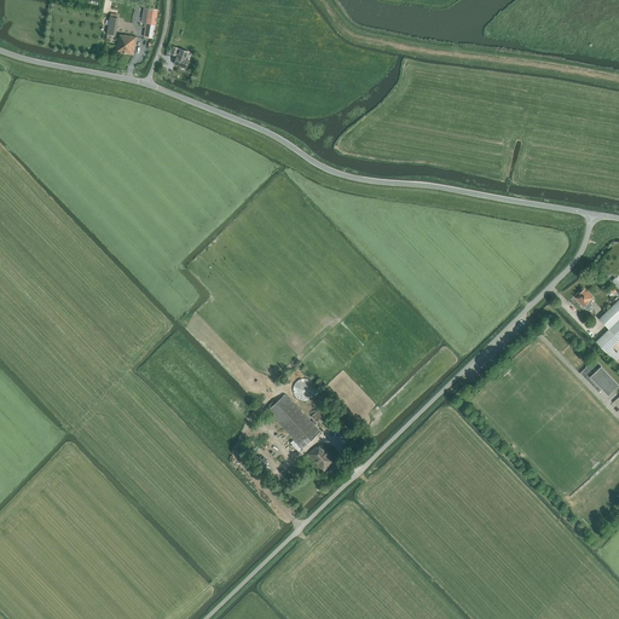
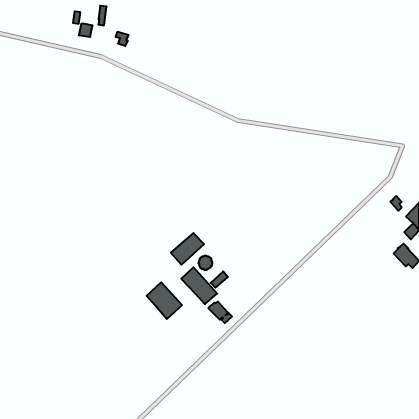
building: none -> [171,233,204,265]
building: none -> [147,282,182,319]

